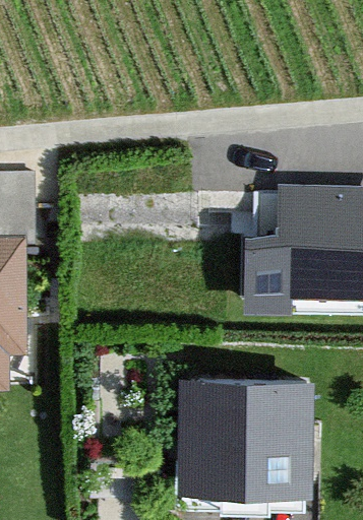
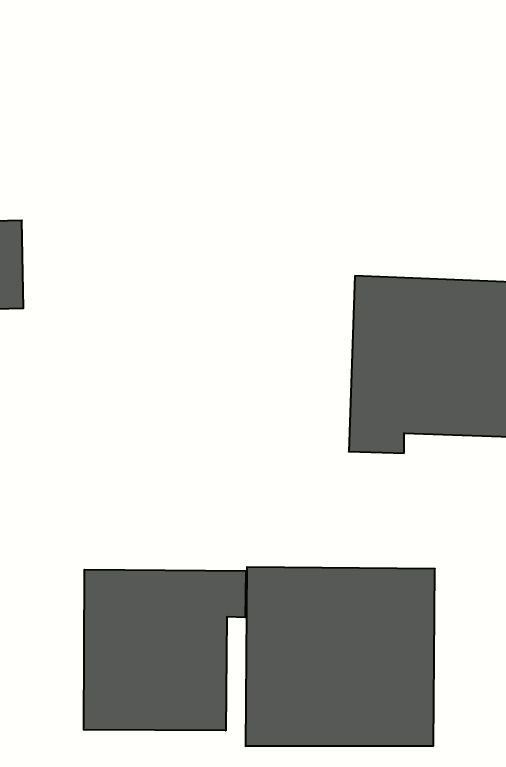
building: none -> [84,570,246,731]

